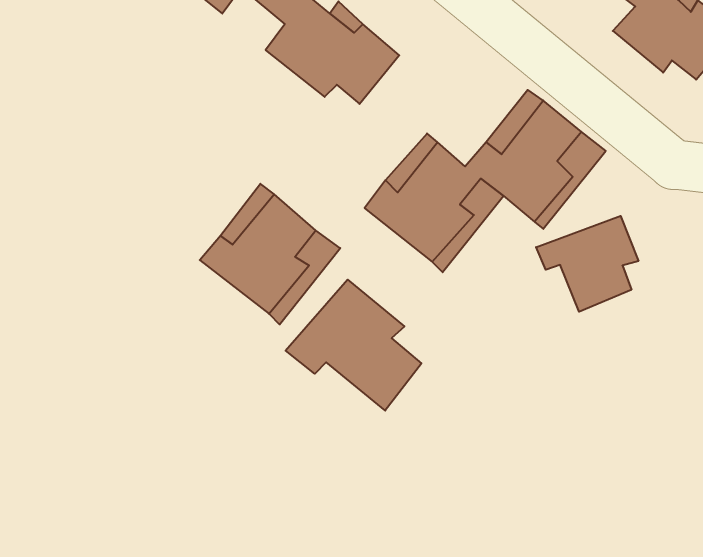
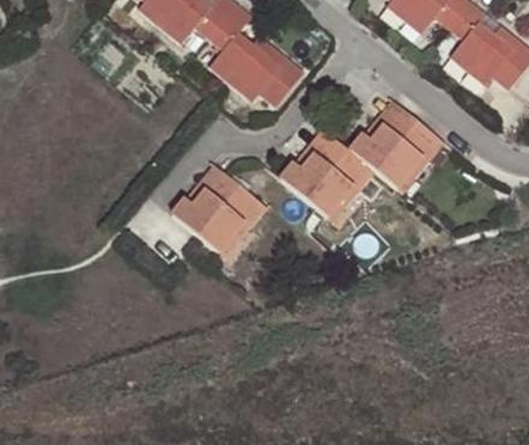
building: [536,216,638,312] -> none
building: [286,280,421,411] -> none

